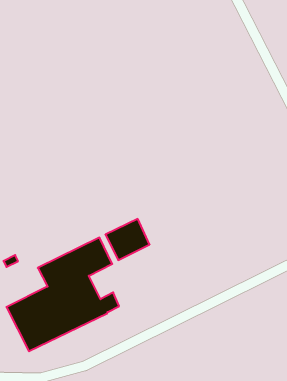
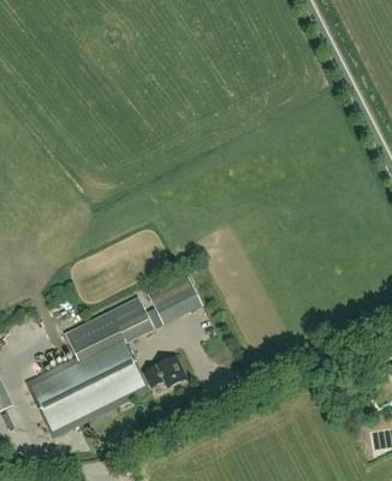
building: none -> [155,354,186,386]

